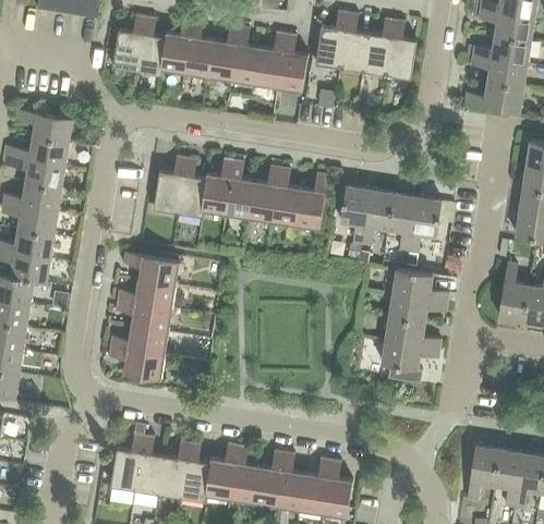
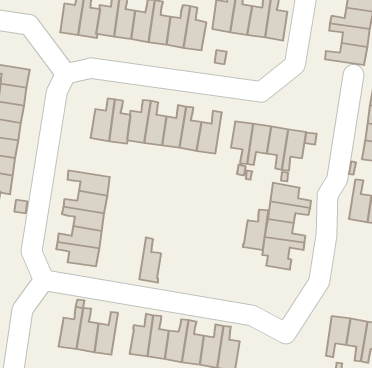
building: none -> [243,210,268,250]
building: [181,441,210,501] -> [139,238,161,283]

